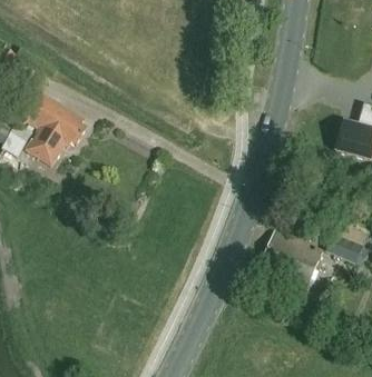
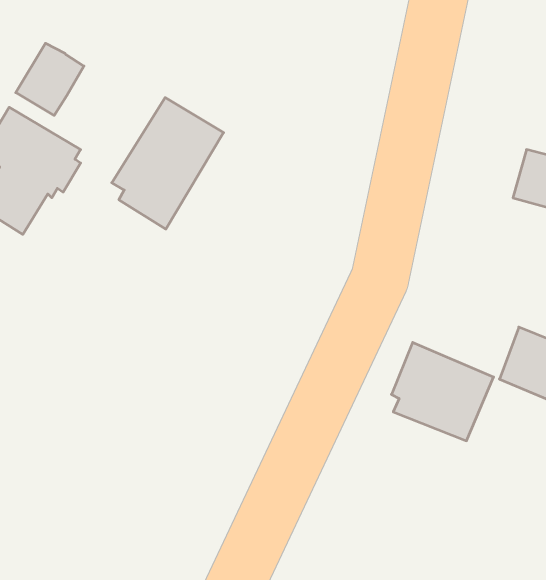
building: none -> [16,43,84,115]
building: none -> [112,98,224,229]

